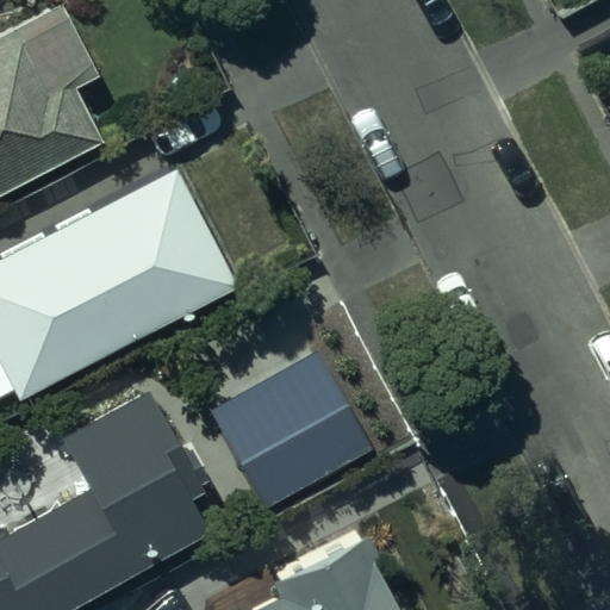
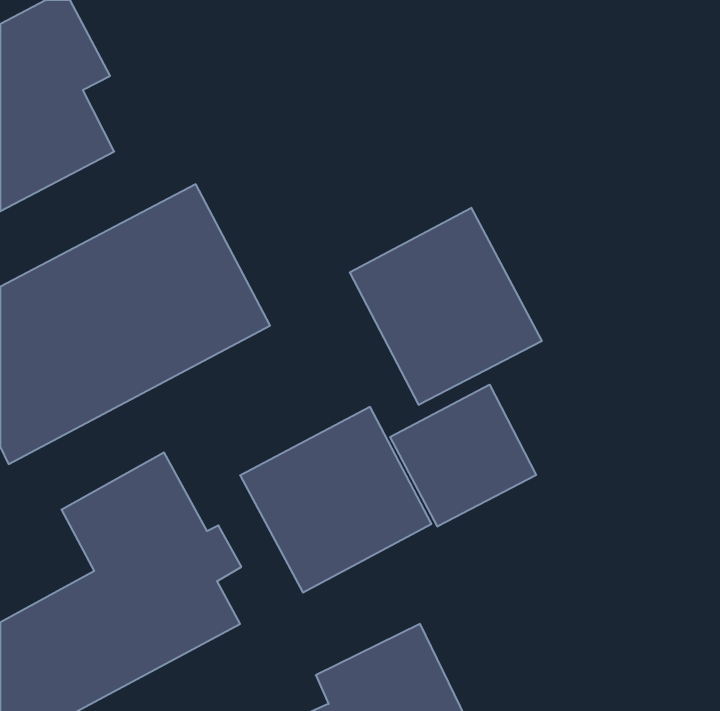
building: none -> [350,208,542,405]
building: none -> [390,385,536,527]

